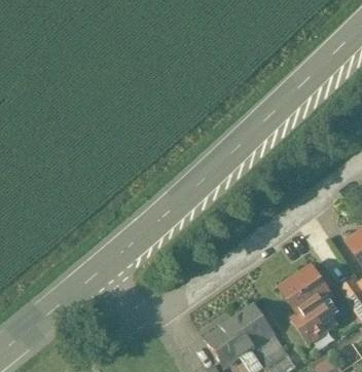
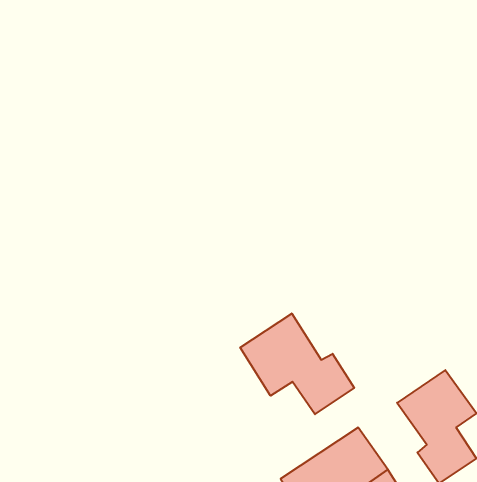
building: none -> [240,313,354,414]

